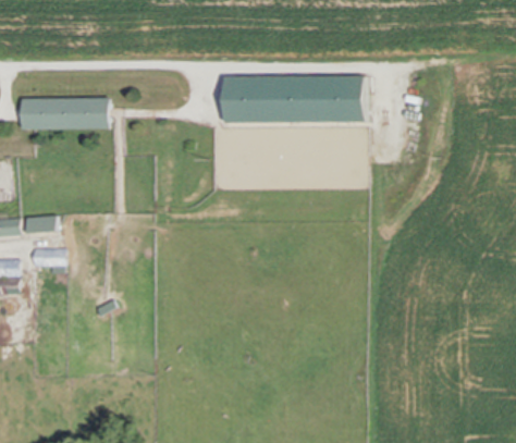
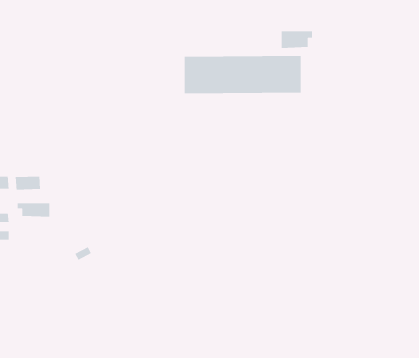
building: none -> [281,31,313,49]
building: [22,99,107,127] -> none

